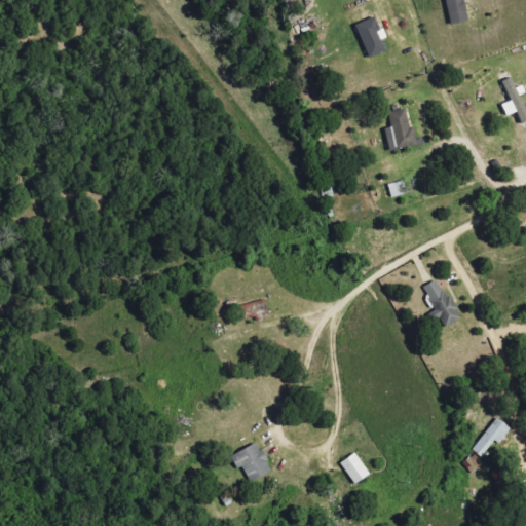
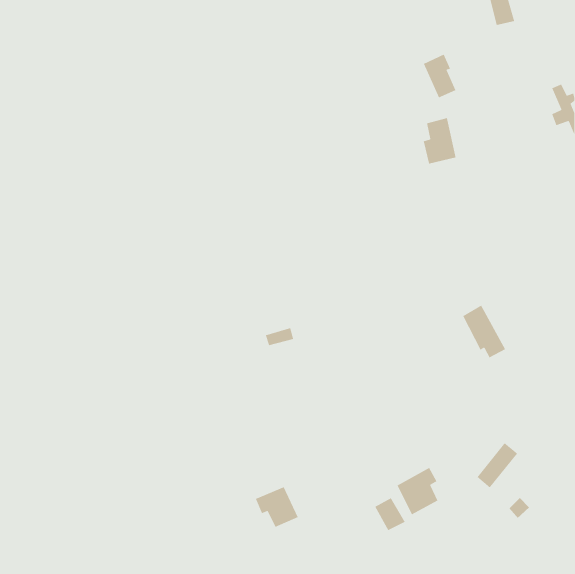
building: [355,15,386,57] -> [423,53,457,98]
building: [472,416,510,458] -> [476,442,518,488]
building: none -> [396,467,438,516]

